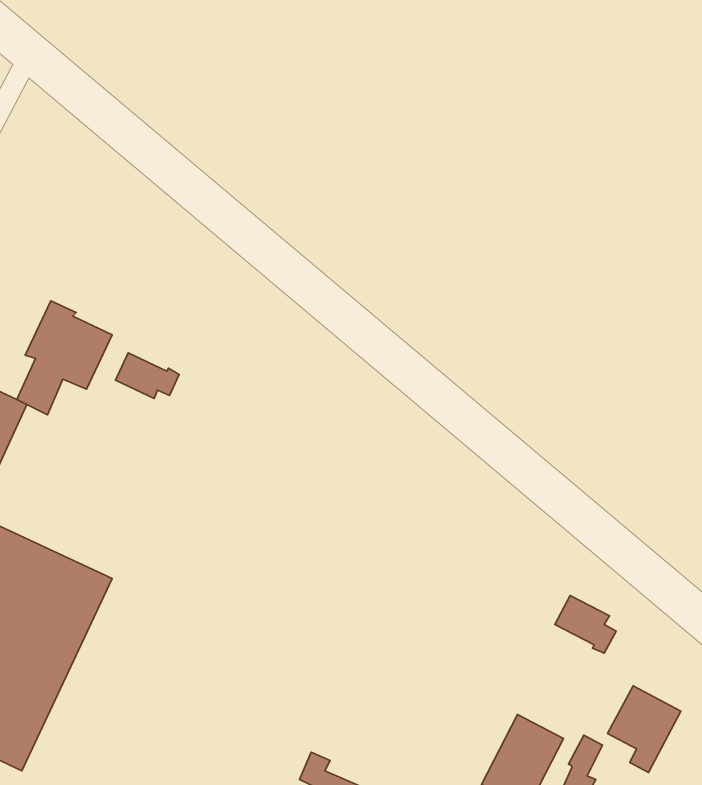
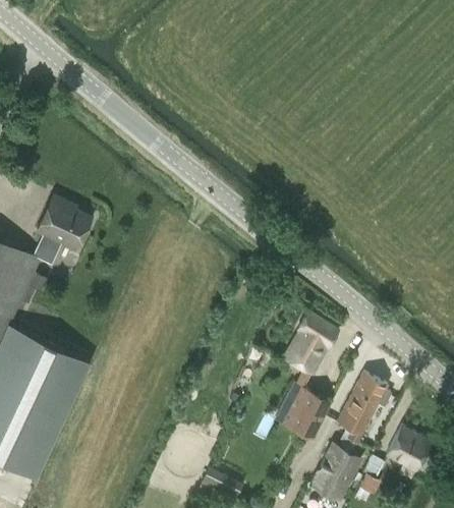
building: [115,353,179,399] -> none
building: none -> [274,315,337,441]
building: none -> [337,392,378,445]

